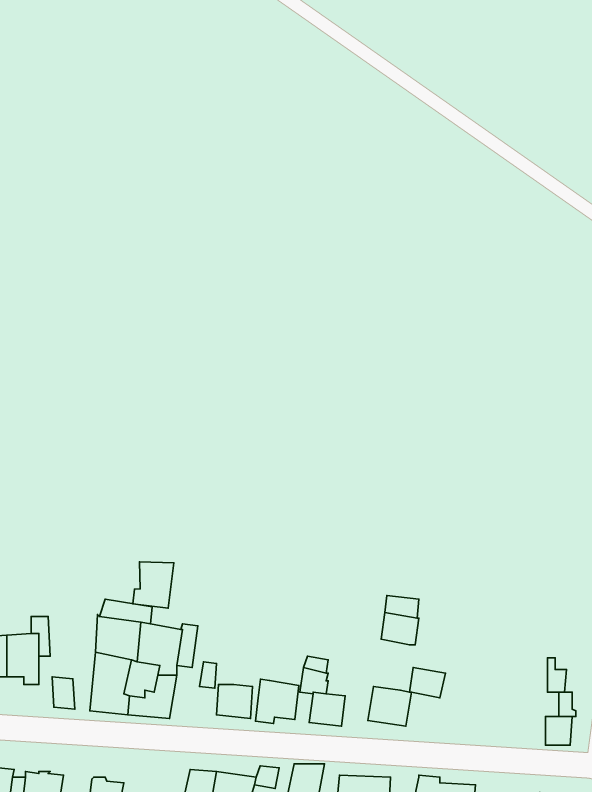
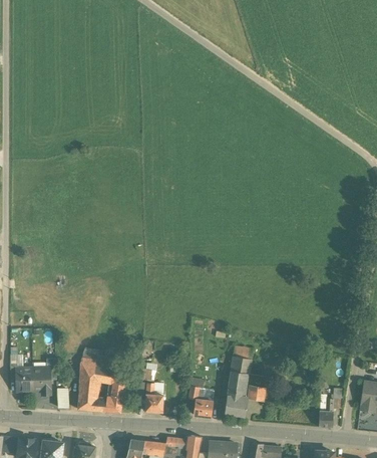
building: [133,562,174,608] -> none
building: none -> [228,371,247,398]
building: [255,679,299,723] -> none

